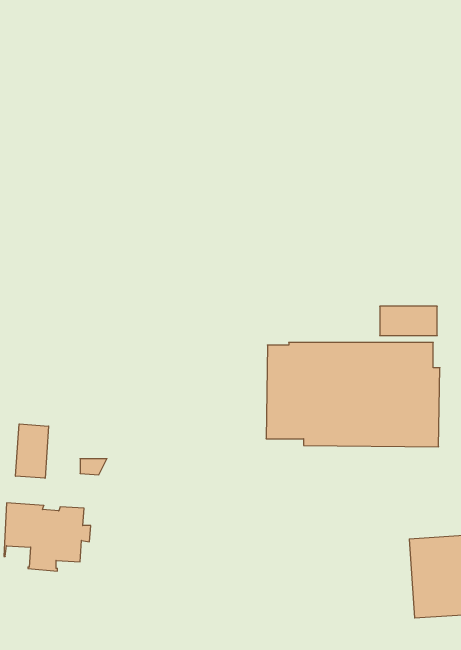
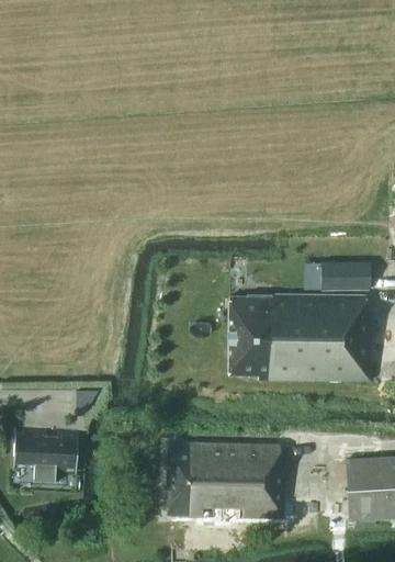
building: [16,424,49,478] -> none
building: none -> [167,443,285,517]

